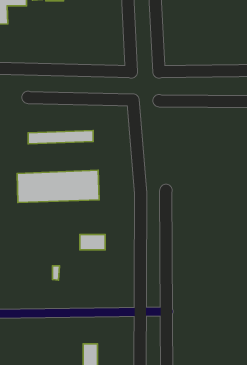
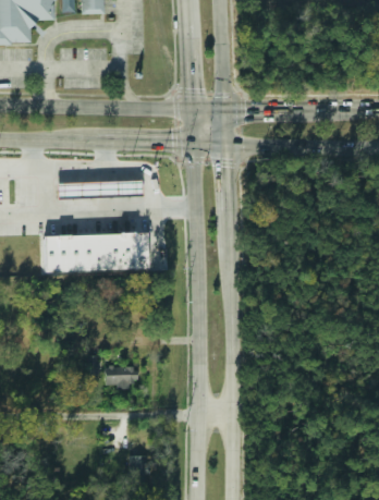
building: [80,235,105,250] -> [106,366,138,386]

